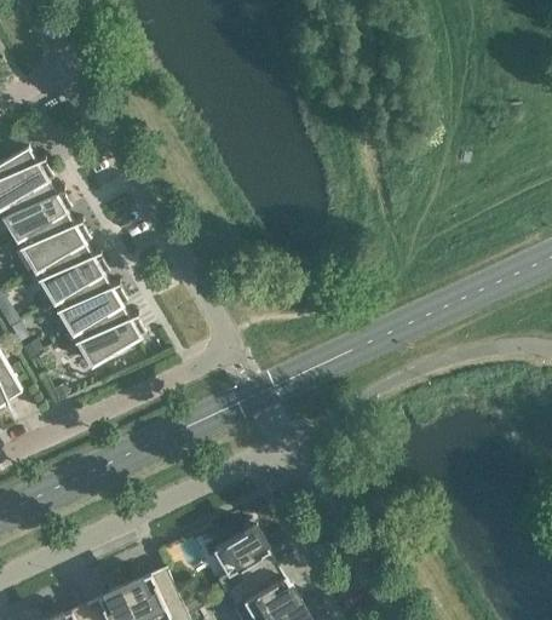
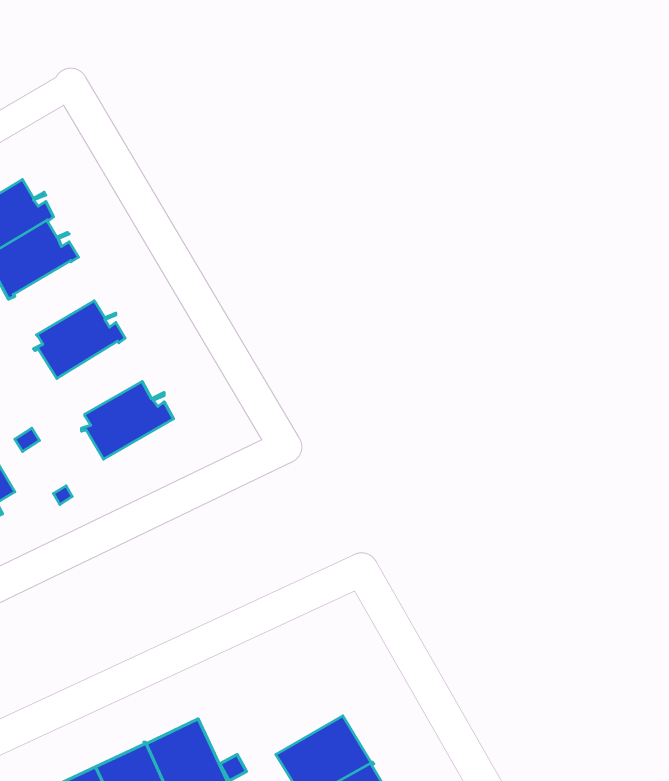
building: [17,211,88,272] -> none
building: [54,274,126,334] -> none
building: [212,521,276,596] -> none

